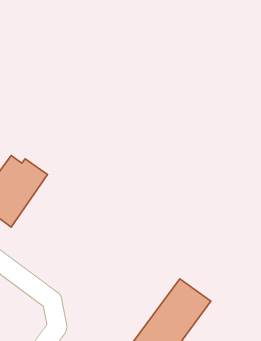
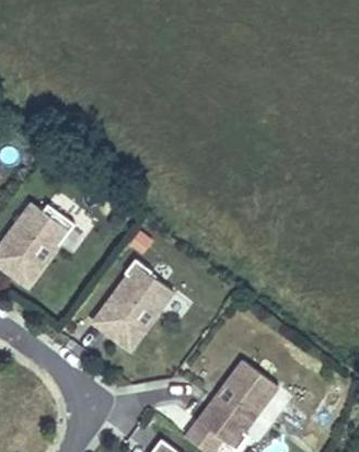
building: none -> [90,262,174,354]

